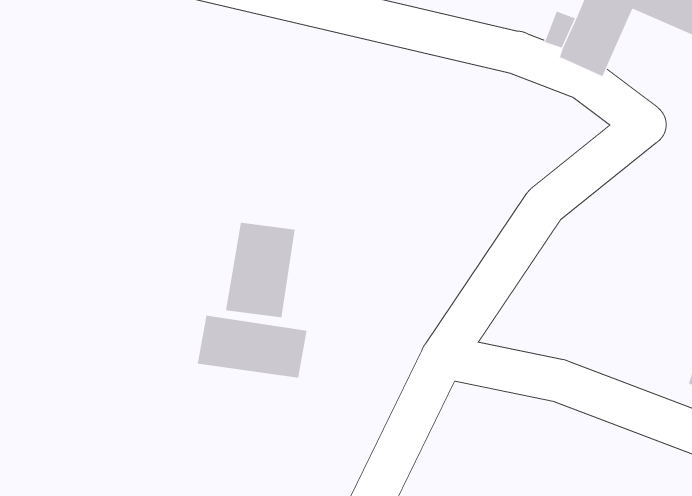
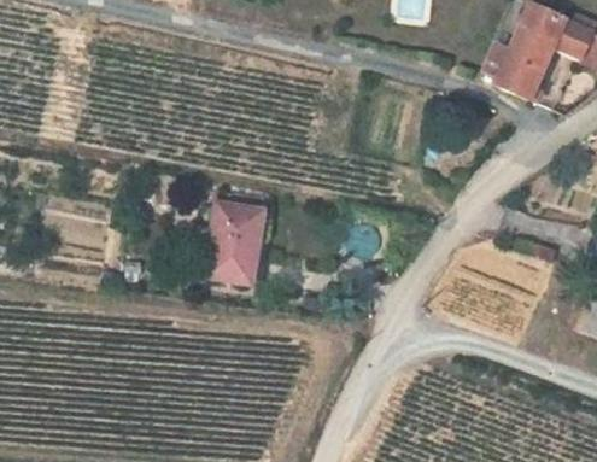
building: [197,315,307,378] -> none

